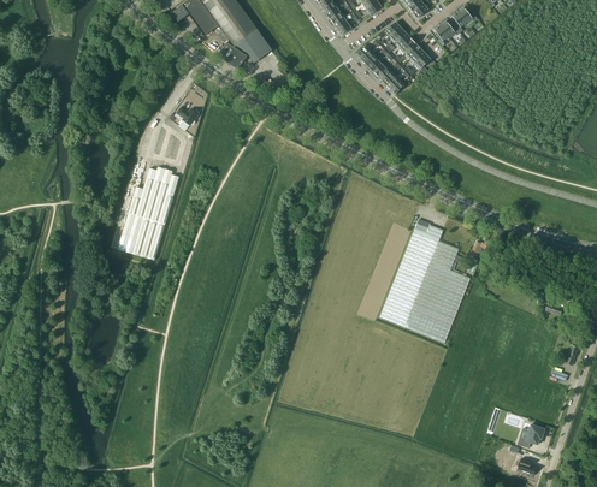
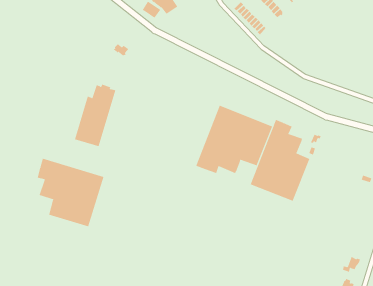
building: none -> [195,105,273,174]
building: none -> [37,158,104,227]

